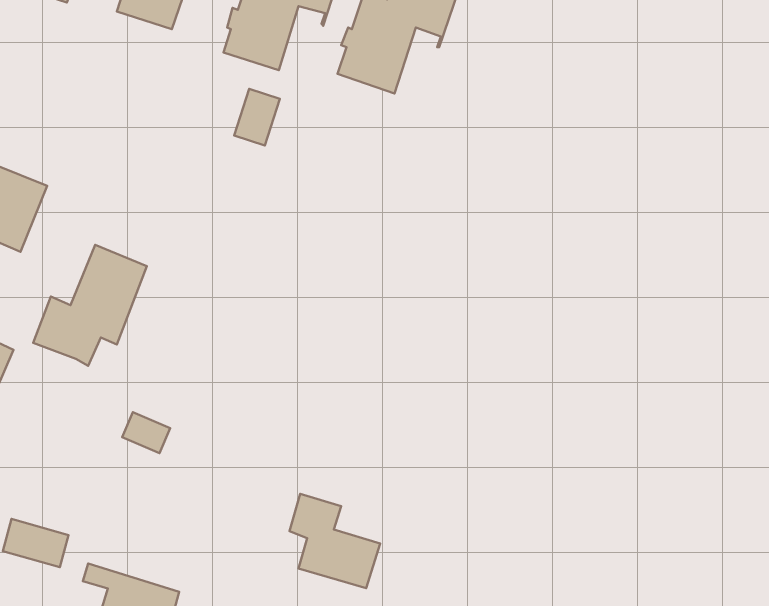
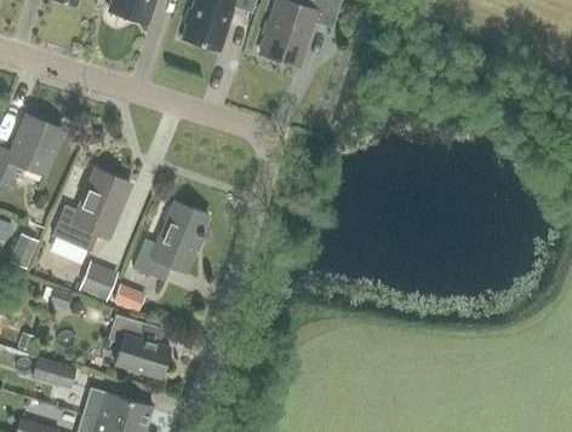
building: [234,89,280,145] -> none
building: none -> [132,202,207,281]
building: none -> [78,260,118,300]
building: [289,494,380,588] -> [108,313,170,378]

